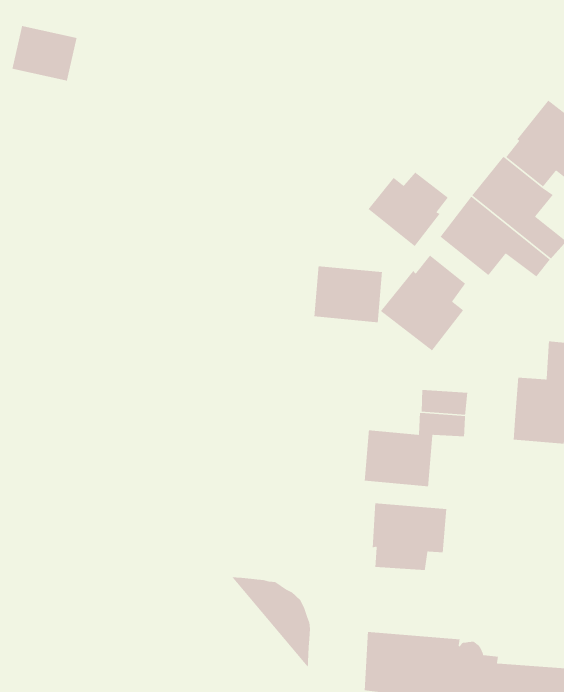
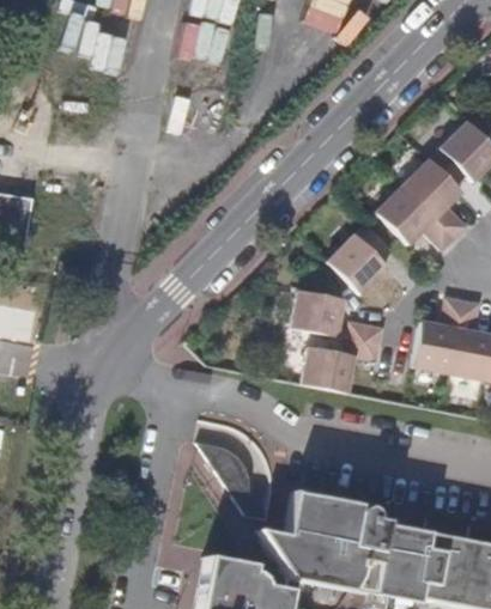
building: [367,172,449,247] -> none
building: [314,265,383,323] -> [291,290,345,336]
building: [372,503,447,571] -> none

